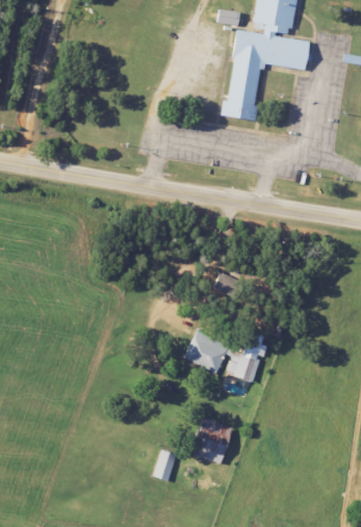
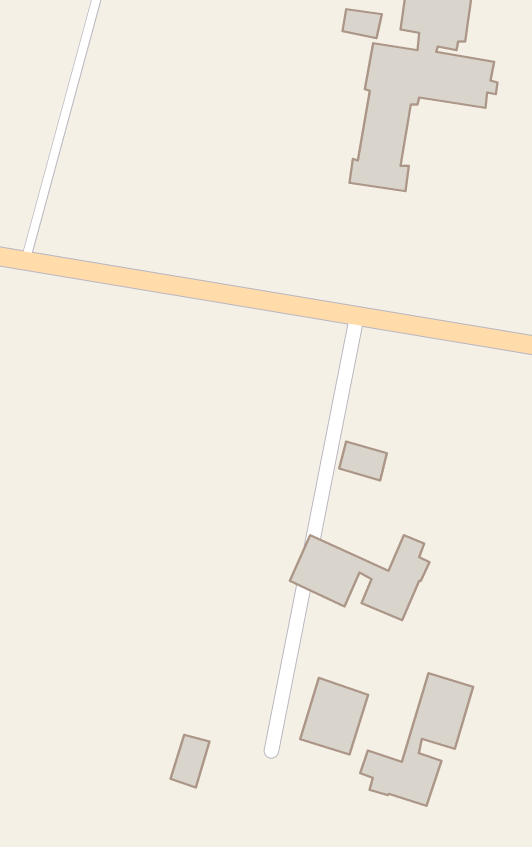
building: none -> [360,673,473,806]
building: [154,450,178,482] -> [170,735,210,787]

